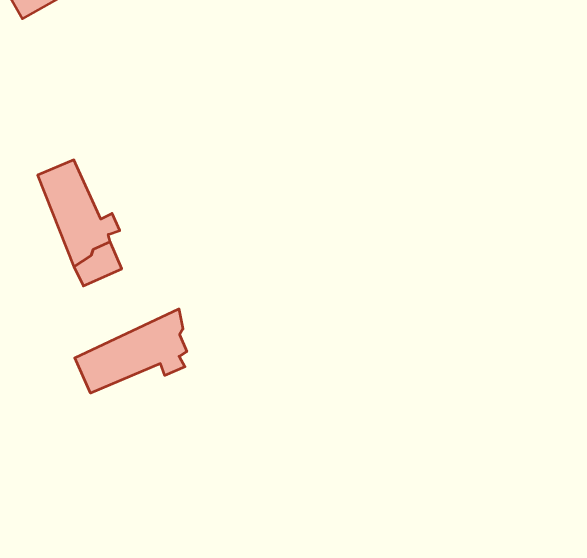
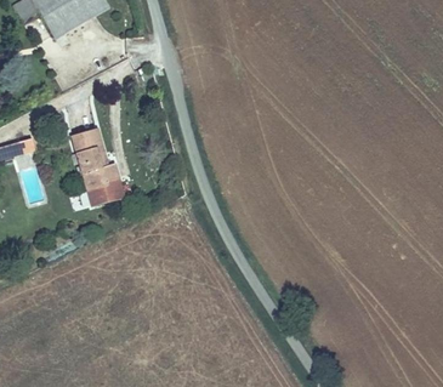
building: [75,309,187,393] -> none

